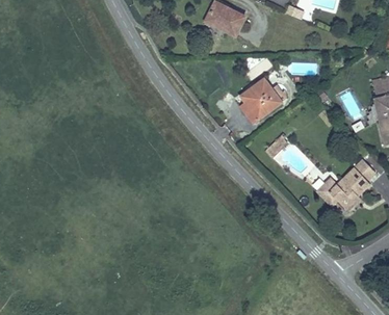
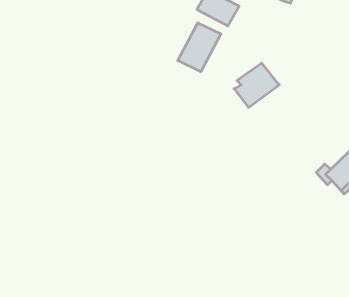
building: none -> [178,23,221,72]

